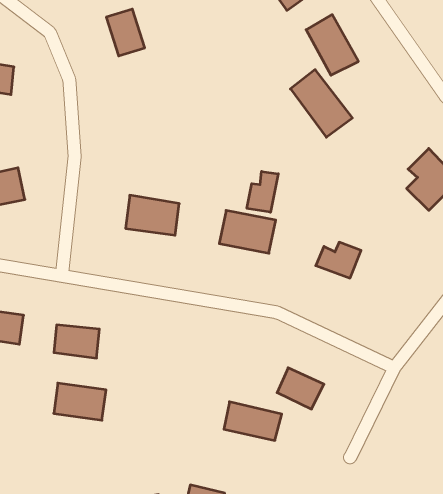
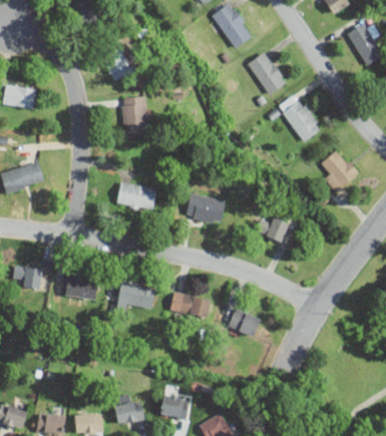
building: [290,70,352,137] -> [278,92,323,141]
building: none -> [122,95,147,132]
building: [247,171,278,212] -> none
building: [54,383,106,420] -> [117,283,155,310]
building: [224,402,282,440] -> [169,290,212,318]

